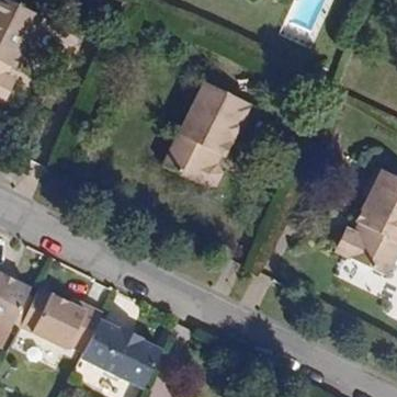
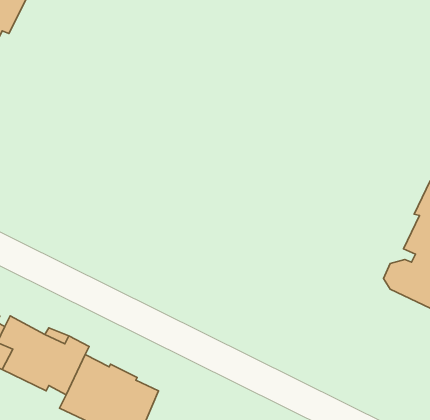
building: [163,87,253,190] -> none

